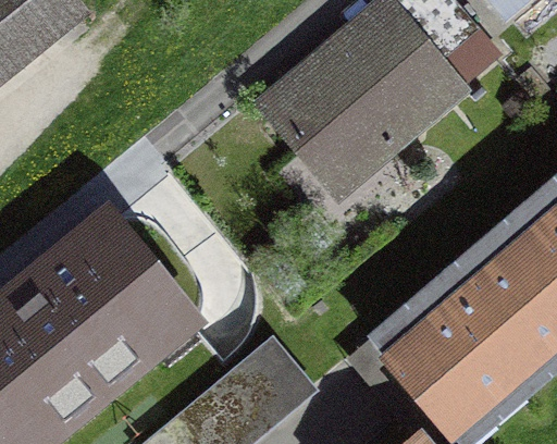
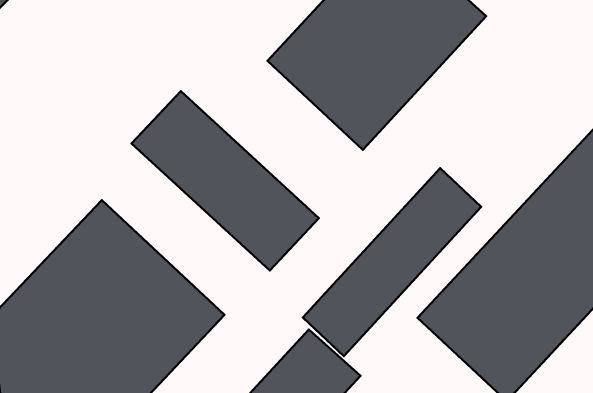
building: none -> [132,91,319,271]
building: none -> [303,168,481,356]

